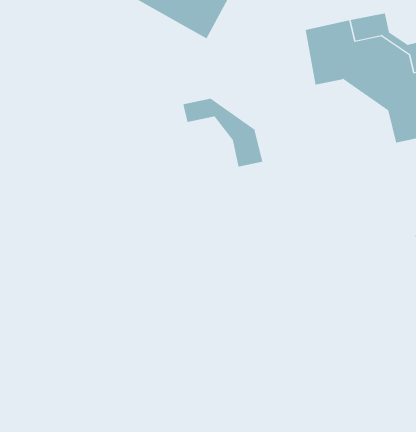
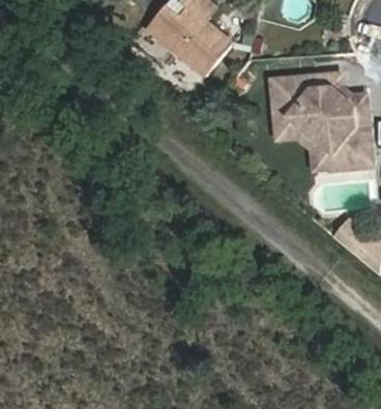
building: [183,98,263,167] -> [277,118,328,170]

